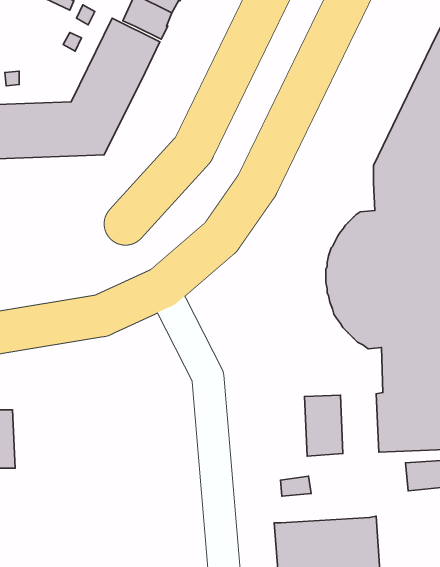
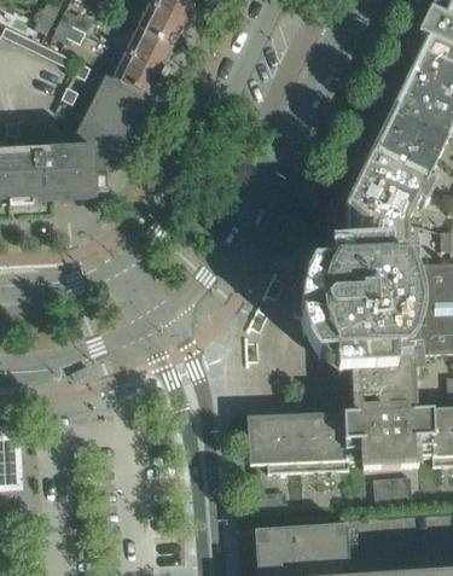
building: none -> [314,413,349,467]
building: none -> [248,415,284,470]

